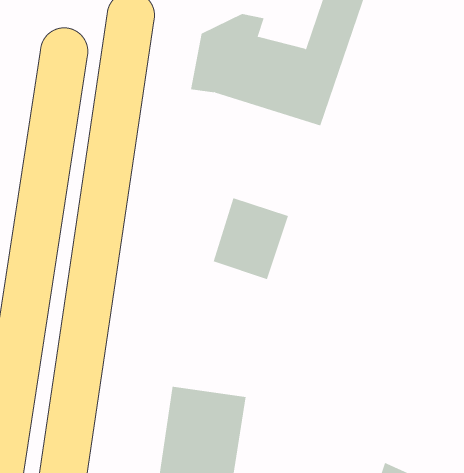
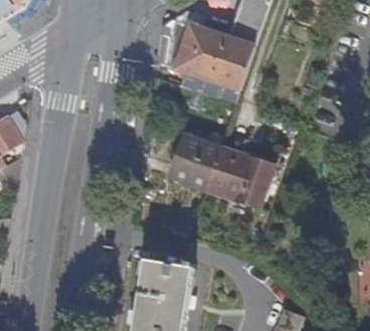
building: none -> [204,148,272,208]

